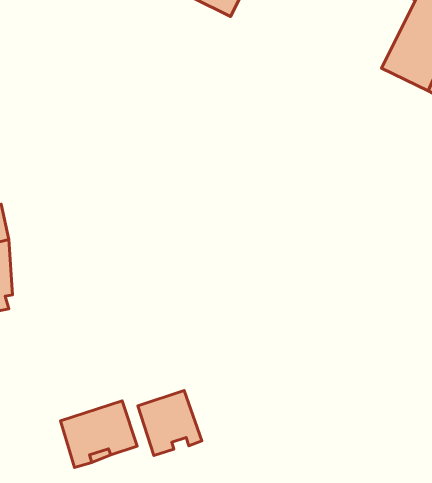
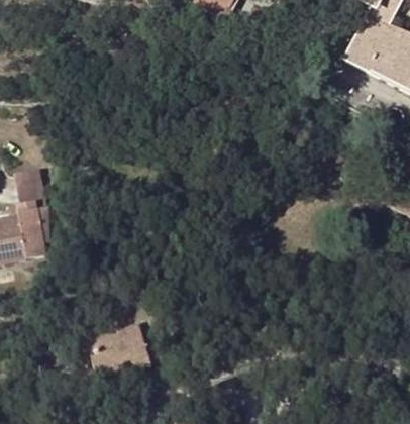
building: [138,390,202,456] -> none

